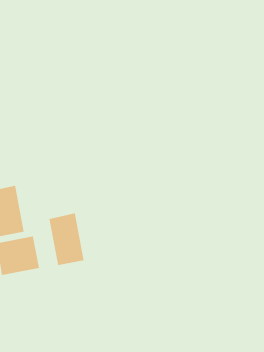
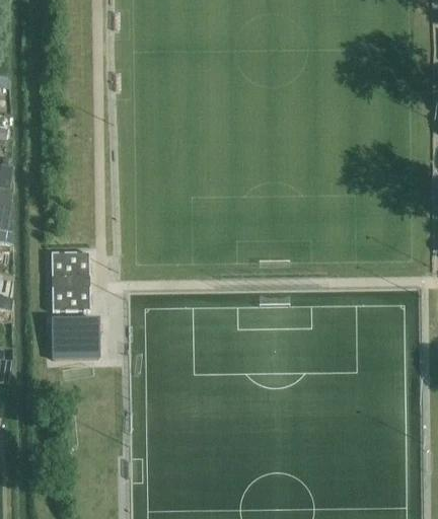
building: [49,213,84,266] -> none

